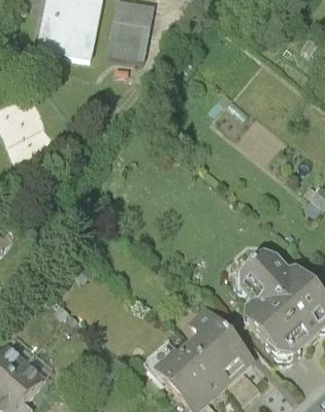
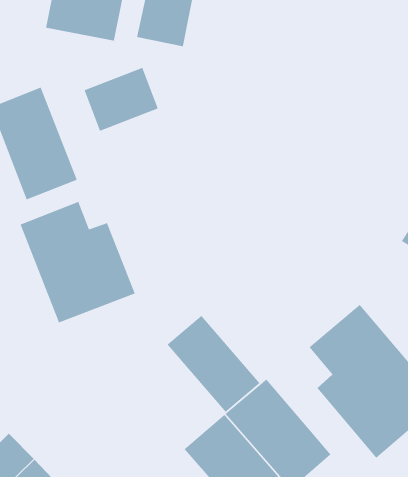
building: none -> [84,67,159,132]
building: none -> [20,201,136,324]
building: none -> [166,315,261,413]

